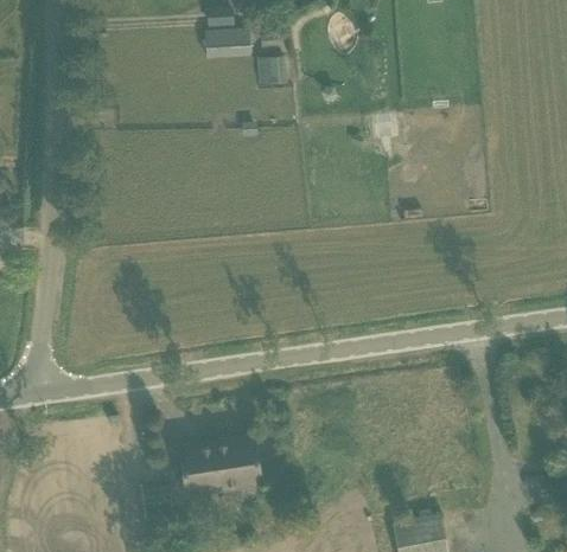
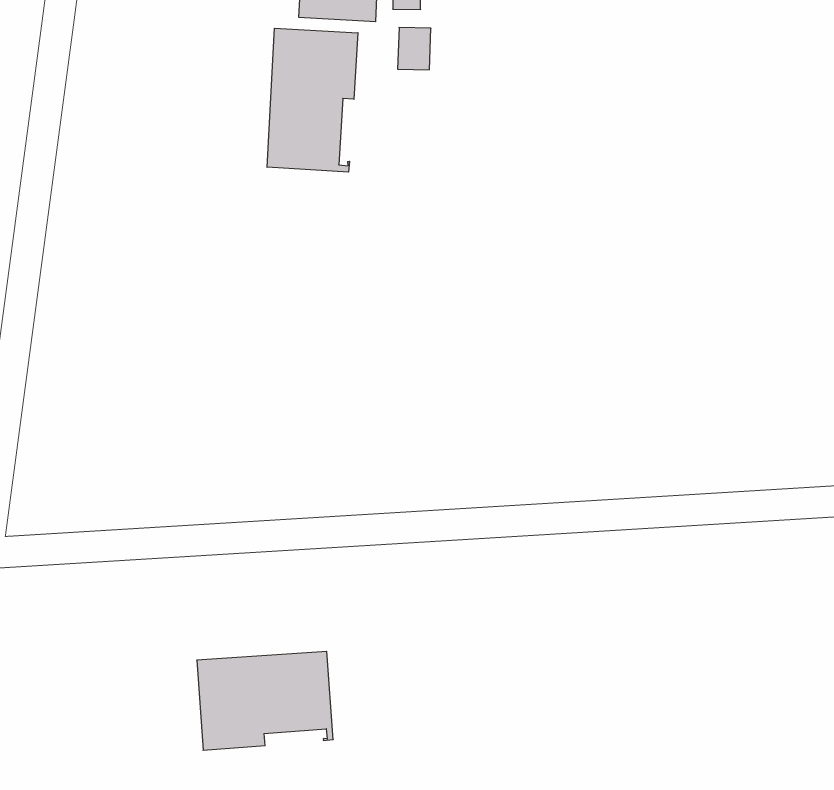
building: none -> [267,28,358,172]

